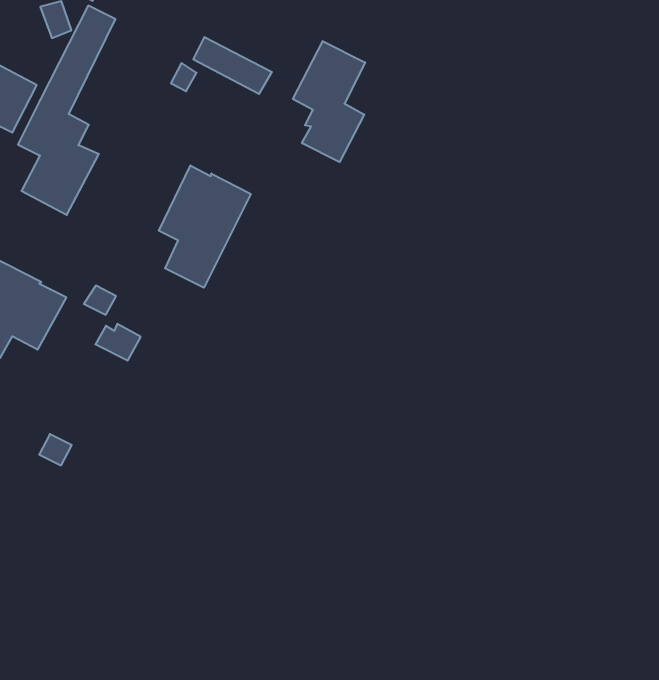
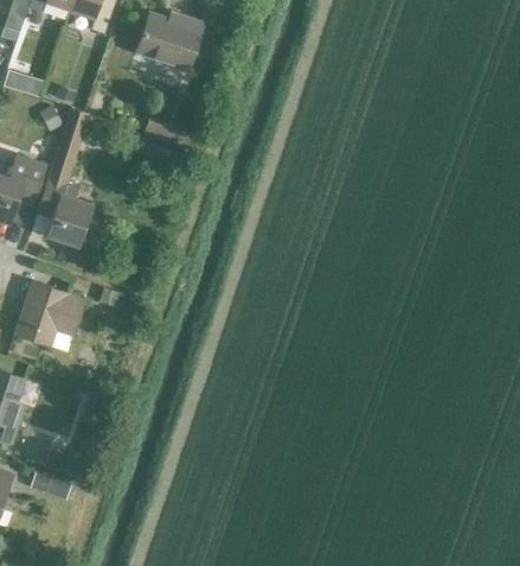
building: [293,41,365,162] -> none
building: [159,165,251,288] -> none

